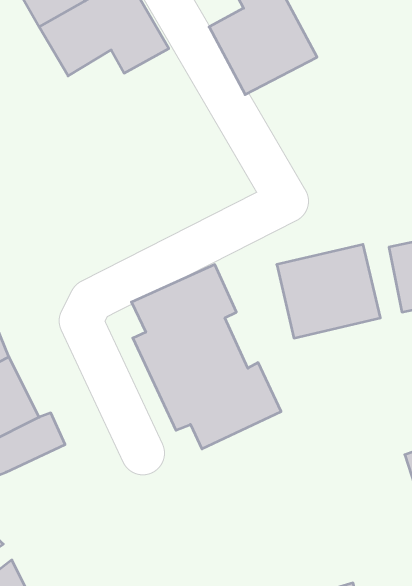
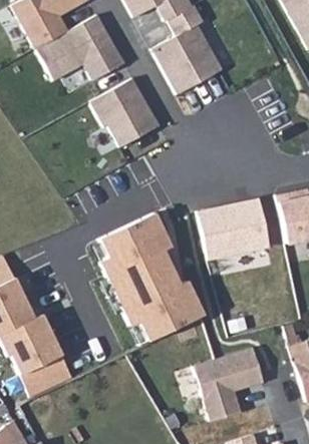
building: none -> [89,77,161,147]
building: none -> [11,339,72,398]
building: none -> [193,346,263,419]

